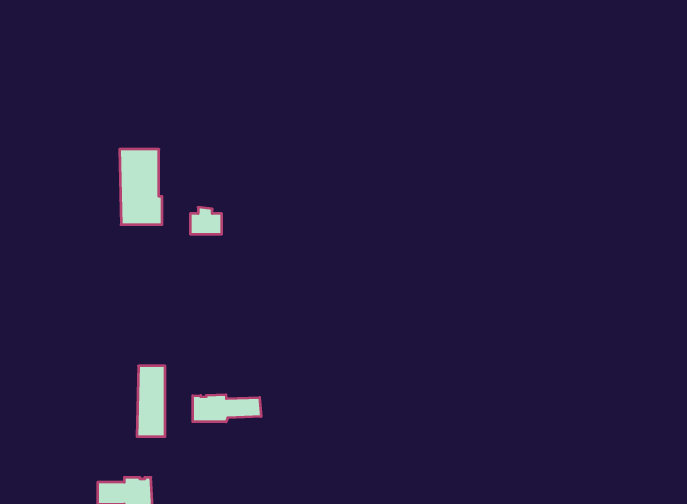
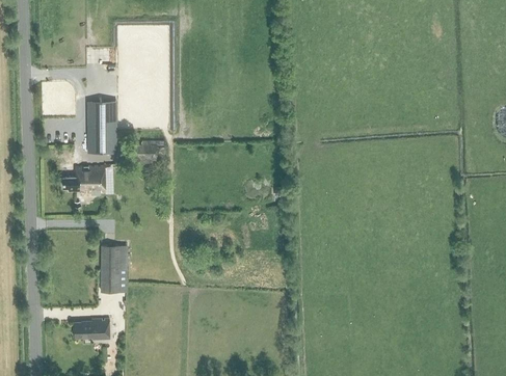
building: none -> [62,166,104,193]
building: [193,395,261,422] -> none

